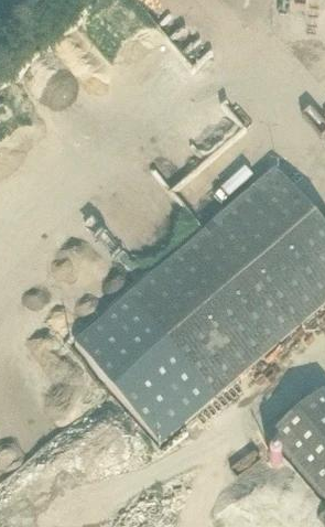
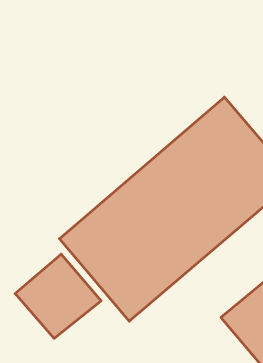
building: none -> [15,254,101,338]

